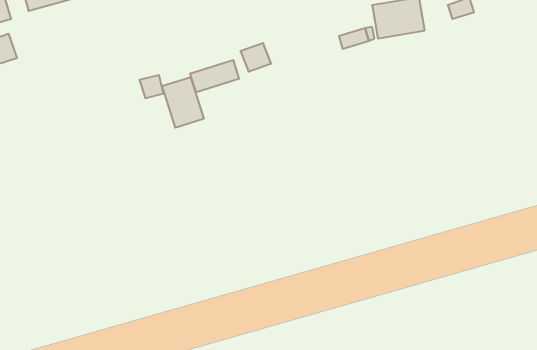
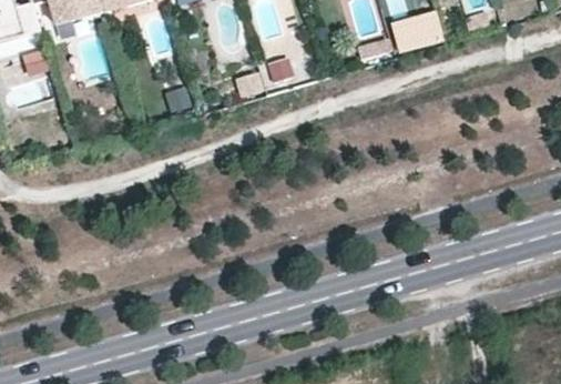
building: [162,77,204,128] -> none

